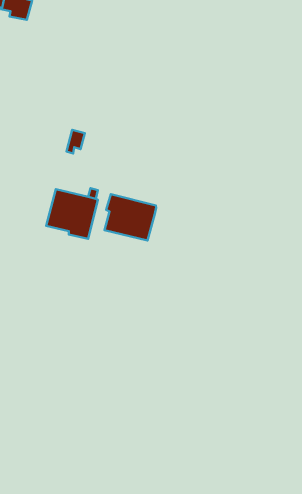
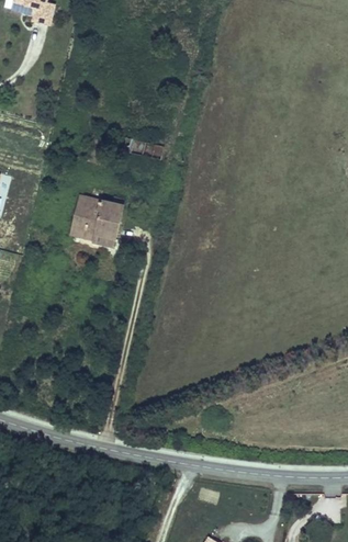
building: [105,194,156,241] -> none

